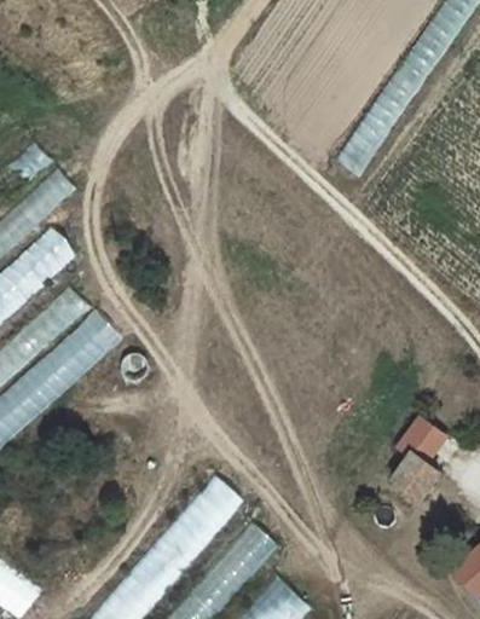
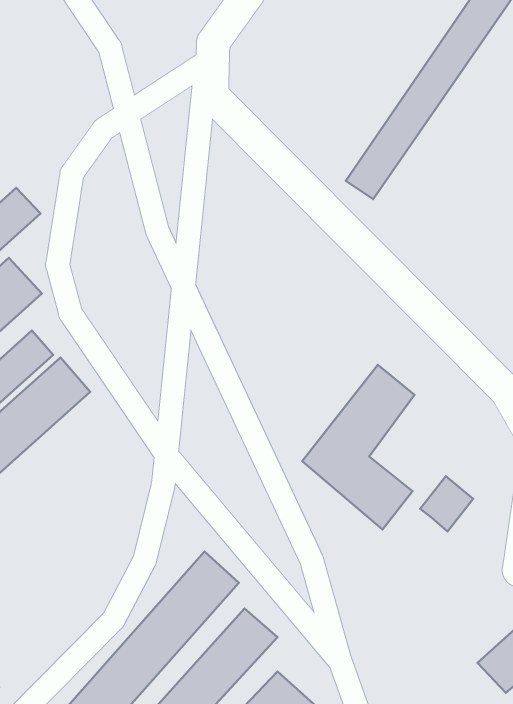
building: none -> [302,365,415,529]
building: [387,447,435,496] -> none

